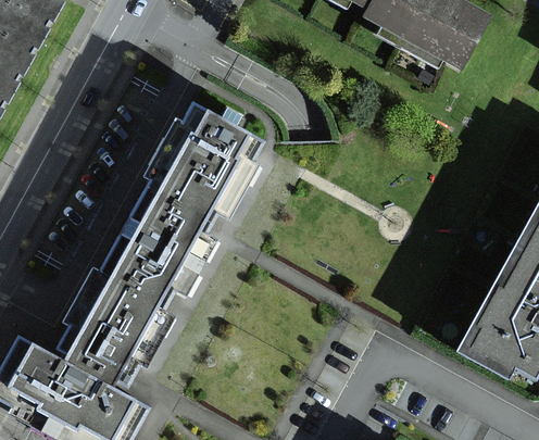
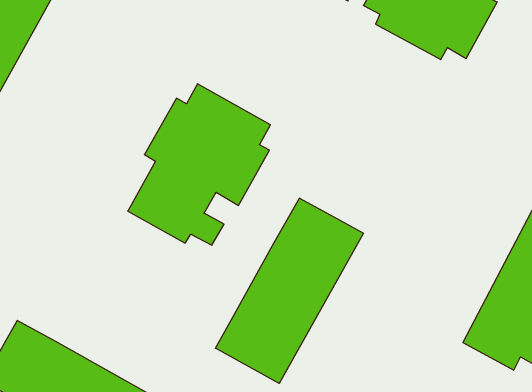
building: none -> [215,198,363,383]
building: [59,225,201,387] -> none

